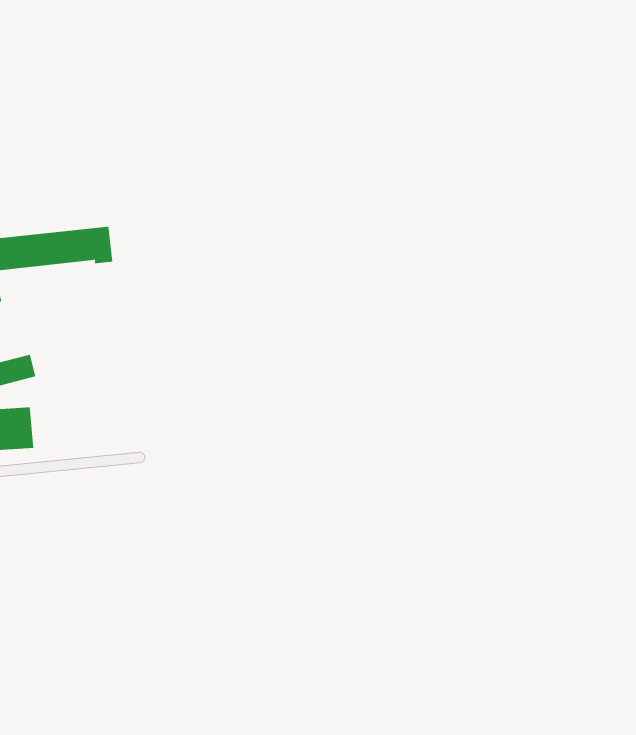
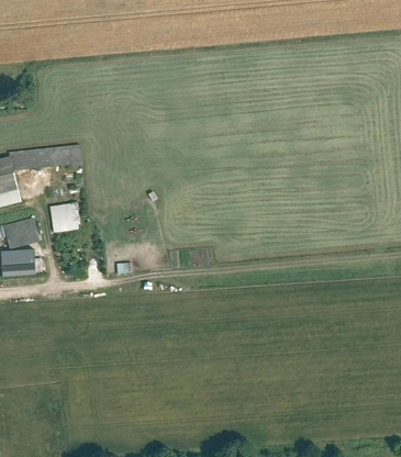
building: none -> [51,203,81,232]

